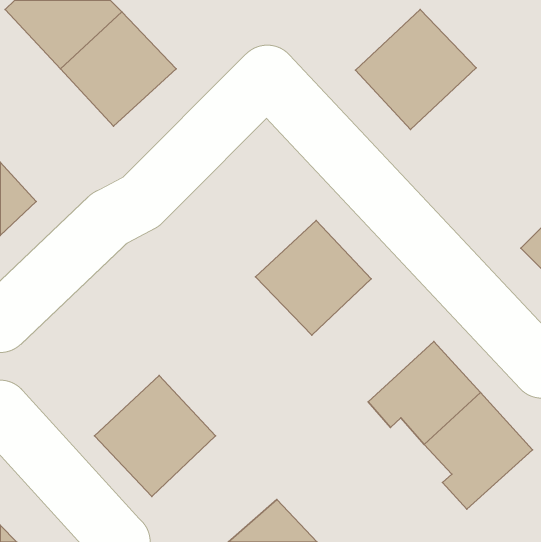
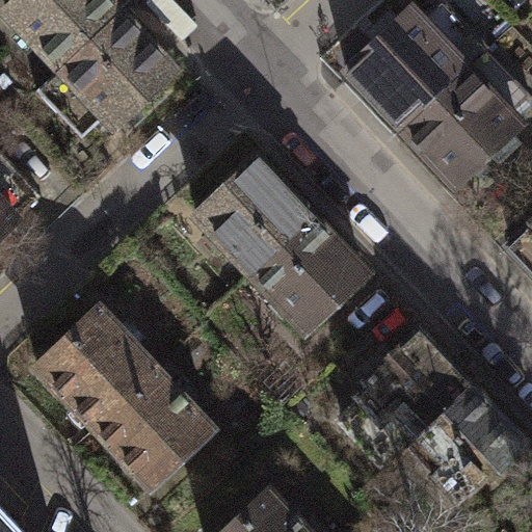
building: none -> [403,66,520,181]
building: none -> [198,159,311,271]
building: none -> [38,310,157,427]

